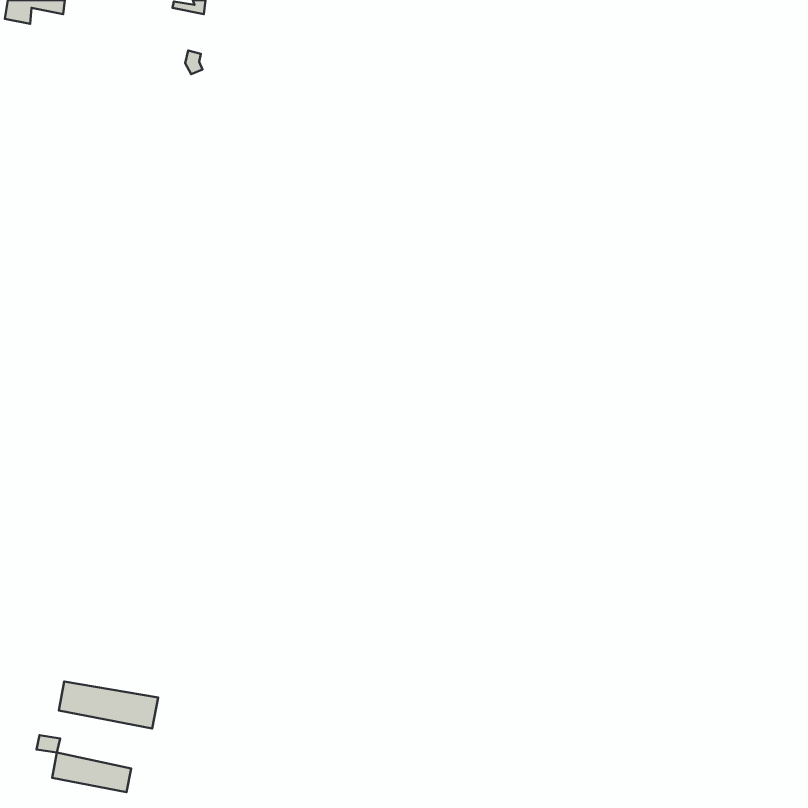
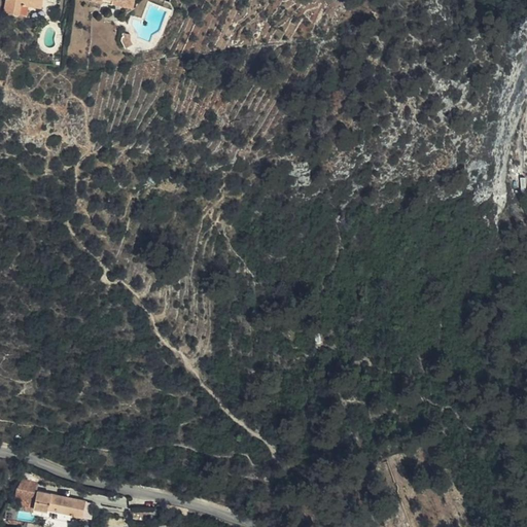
building: [59,681,158,728] -> none

